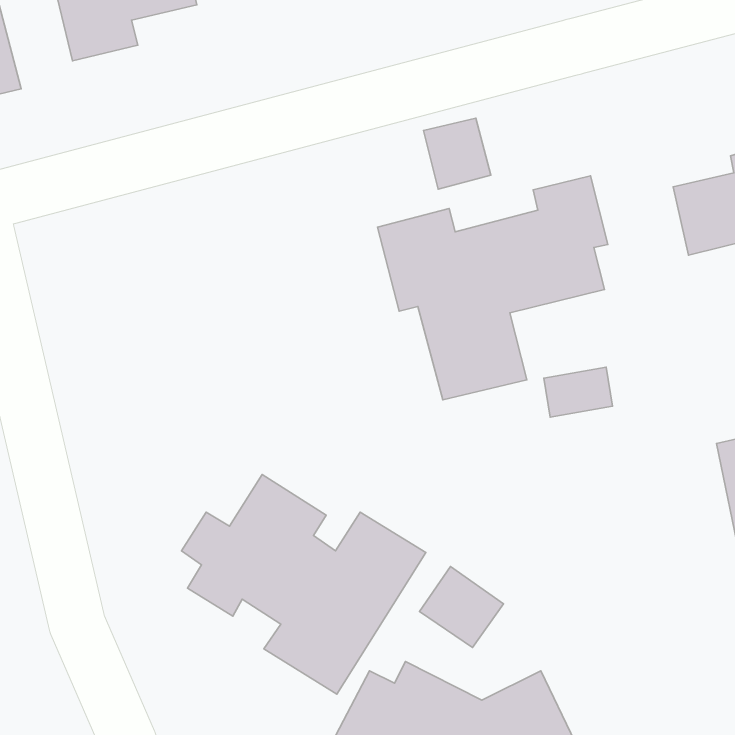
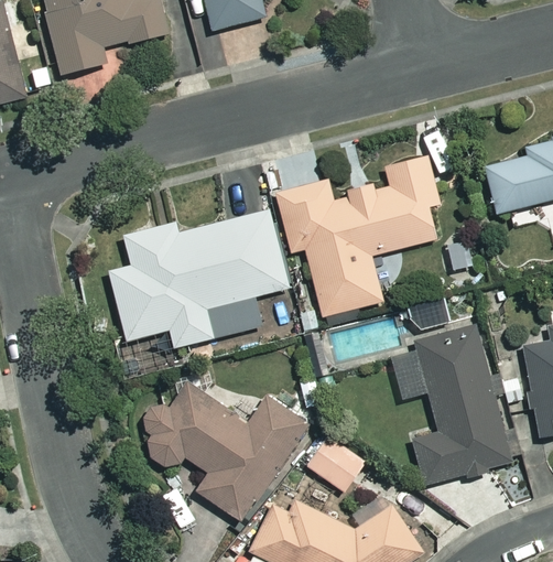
building: [424,118,491,189] -> none
building: none -> [111,212,289,348]
building: none -> [392,328,511,485]

